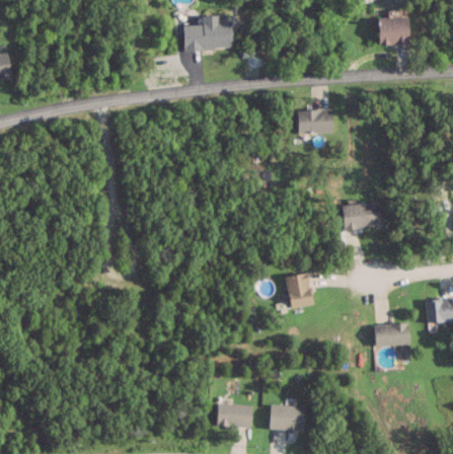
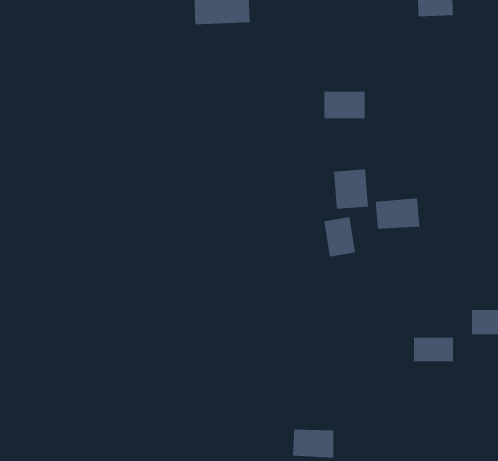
building: none -> [334,169,369,210]
building: [286,273,314,308] -> [323,217,356,257]
building: [217,404,252,426] -> none

